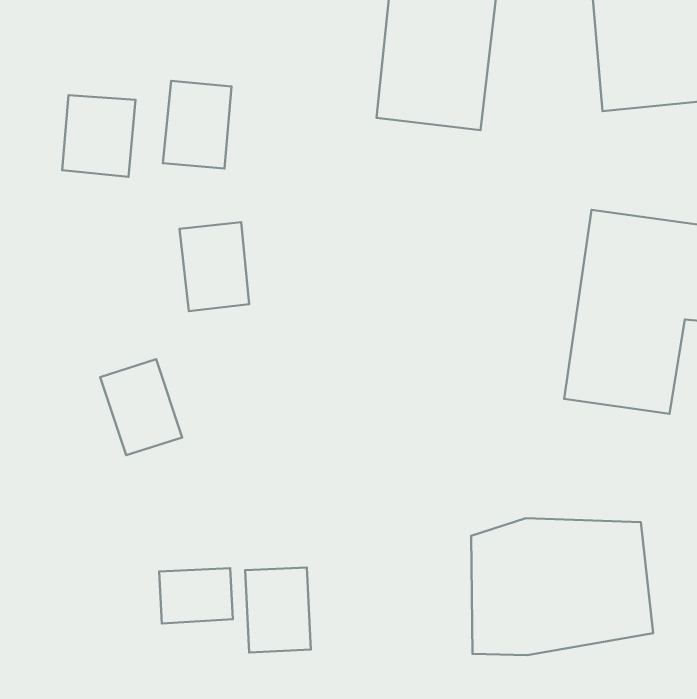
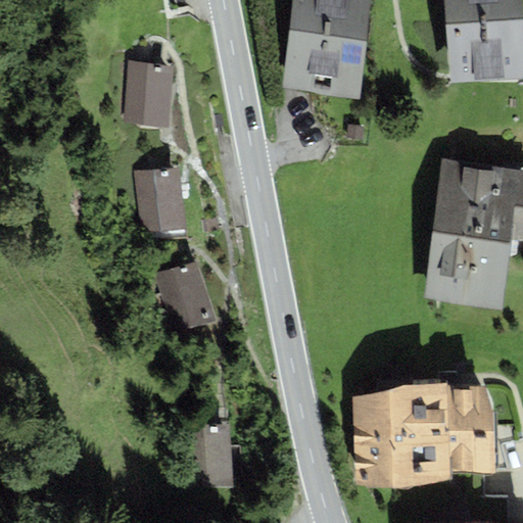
building: [62,95,135,177] -> none
building: [100,359,182,455] -> [156,259,218,331]
building: [159,568,233,624] -> none

